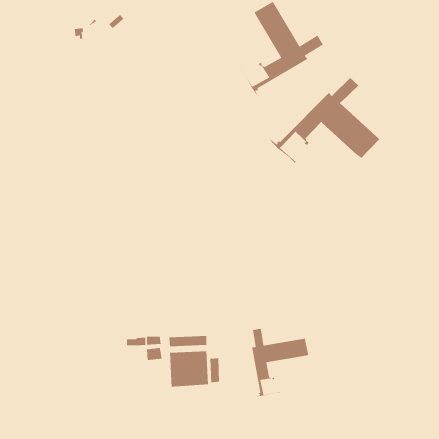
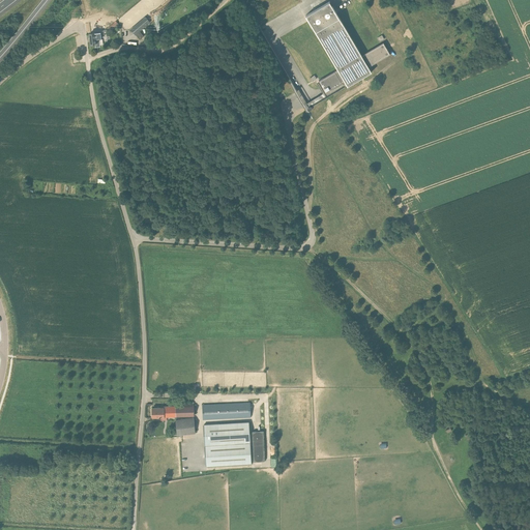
building: [269,77,380,164] -> none
building: [251,328,309,397] -> none

